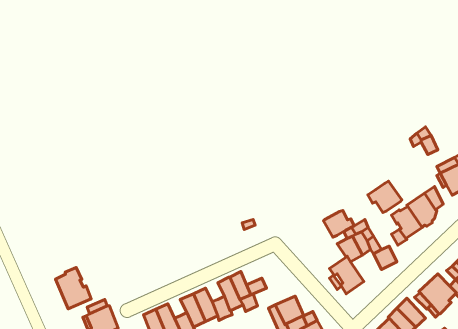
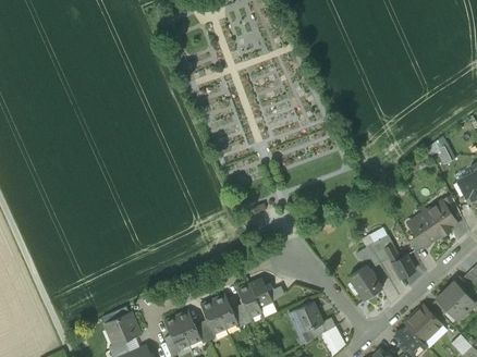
building: [368,181,402,213] -> none
building: [323,210,354,237] -> none
building: [56,268,91,309] -> none

